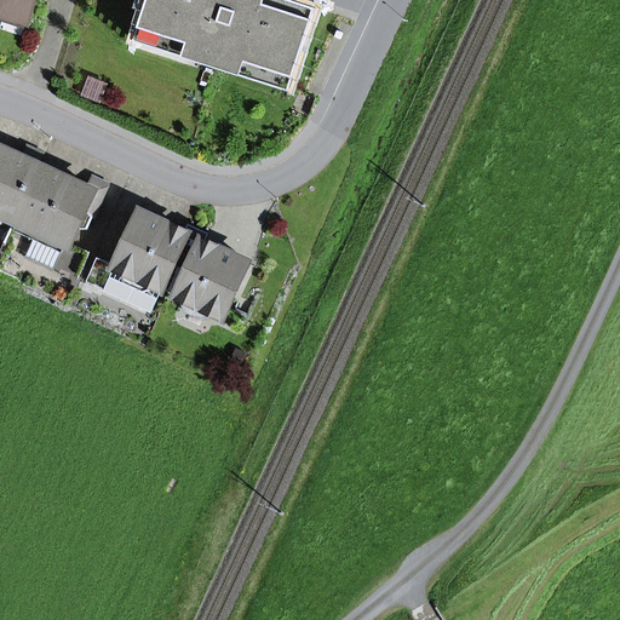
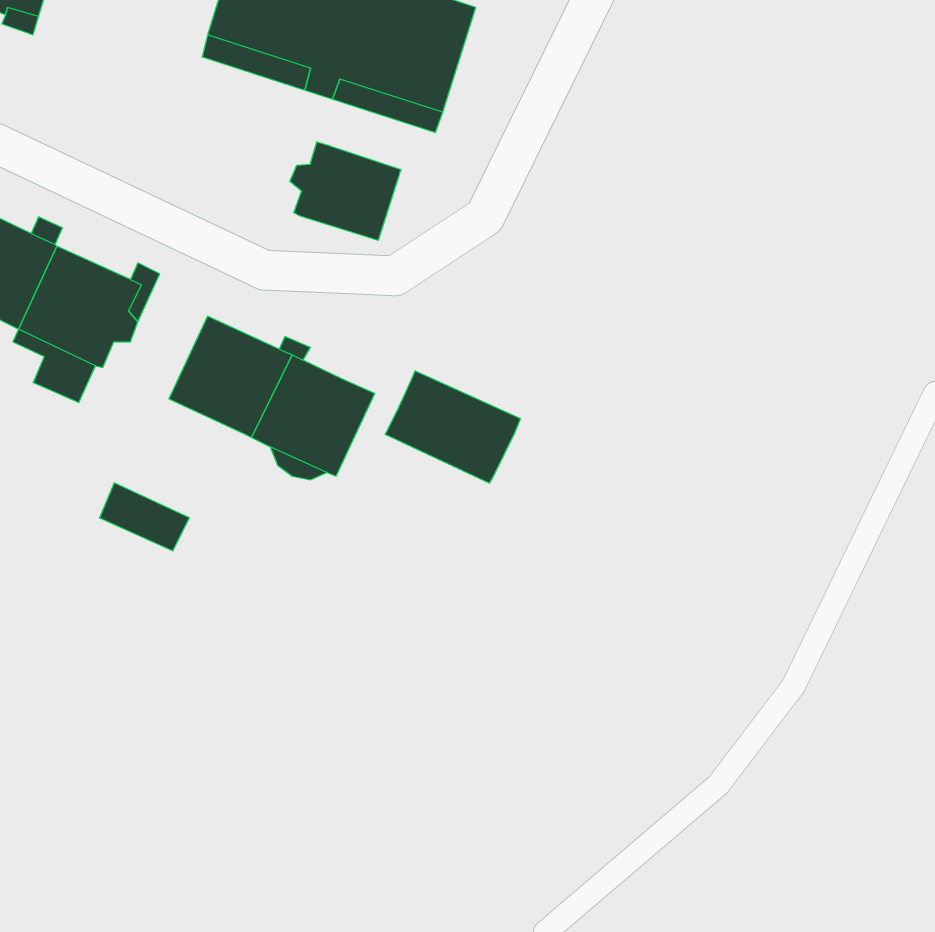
building: none -> [290,142,401,240]
building: none -> [385,371,521,483]
building: [102,263,161,308] -> [99,483,189,551]

